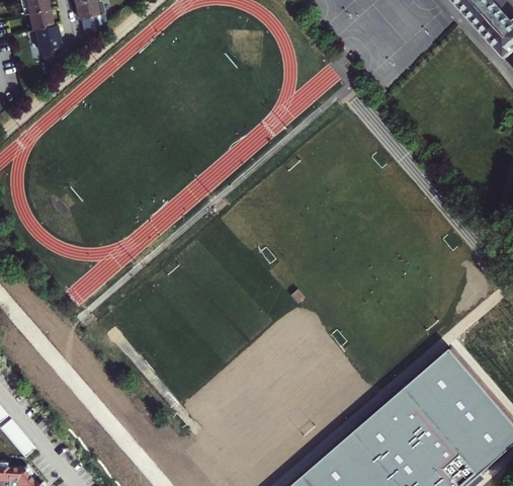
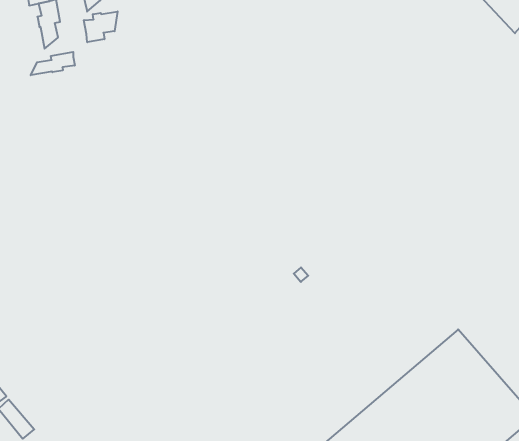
building: none -> [84,11,118,42]
building: none -> [31,52,75,75]

